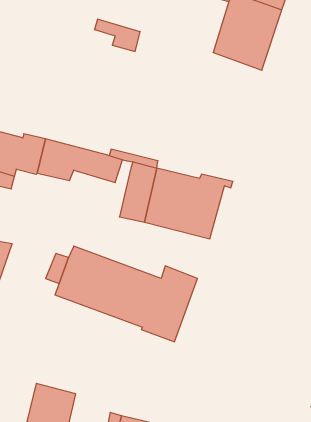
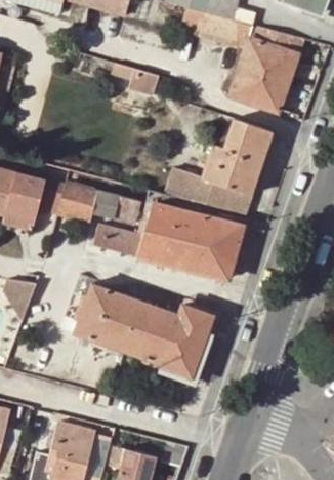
building: none -> [163,119,274,215]
building: none -> [94,226,143,257]

